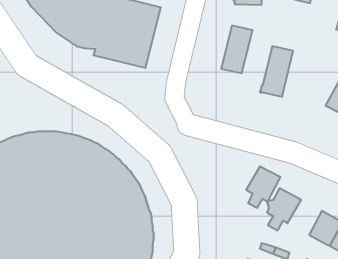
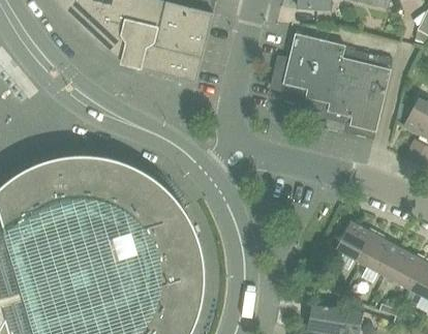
building: none -> [304,38,344,102]
building: none -> [349,62,390,130]
building: [246,166,280,208] -> [359,234,398,281]

